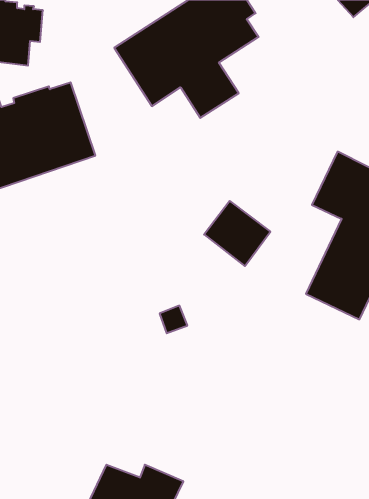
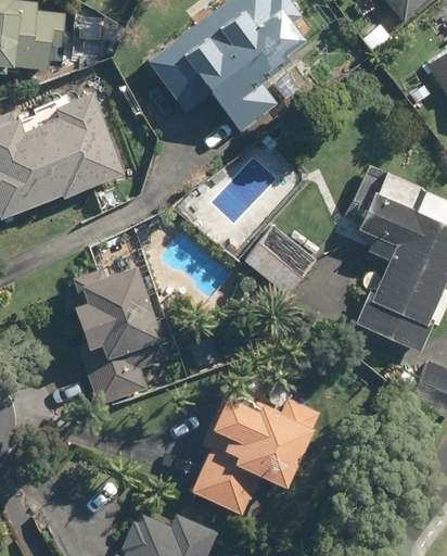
building: none -> [68,263,158,405]
building: none -> [191,389,320,517]

